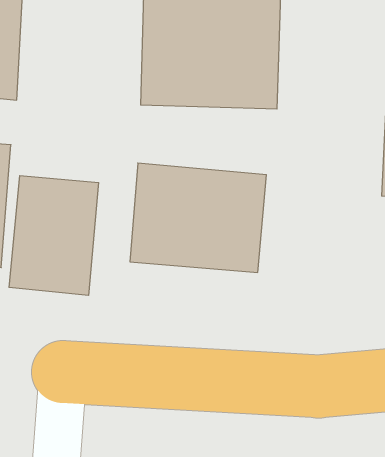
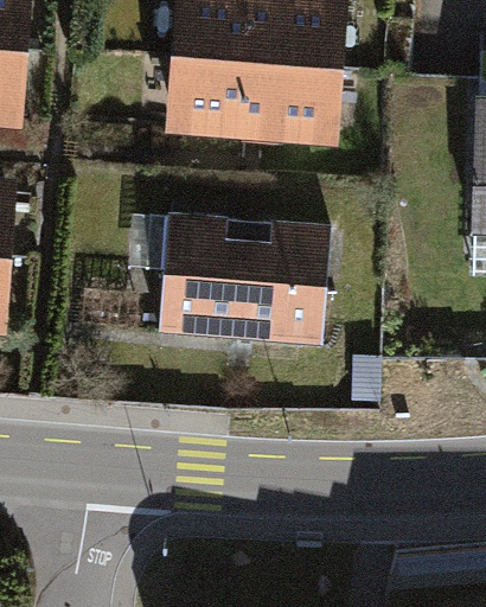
building: [9,176,99,295] -> none

